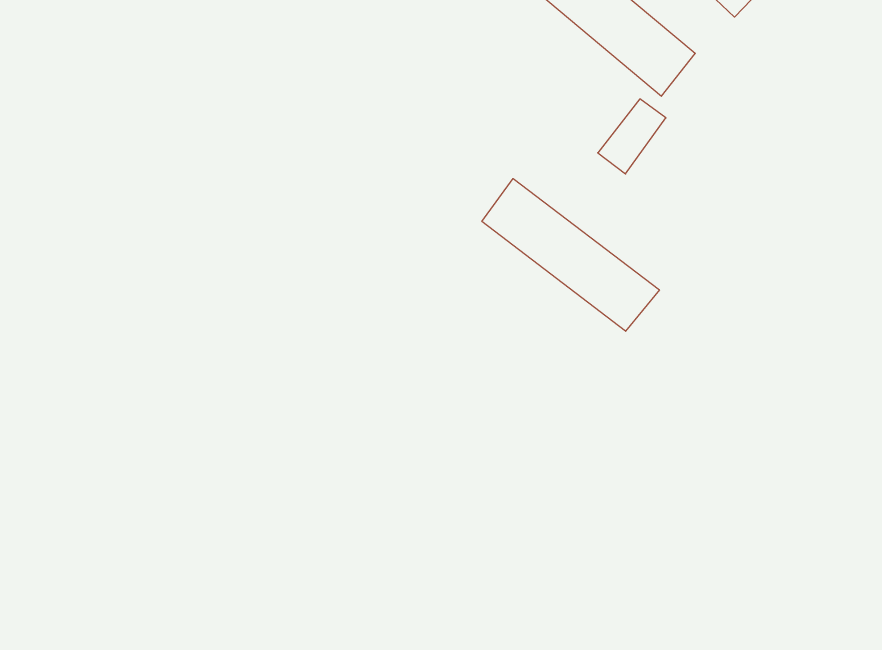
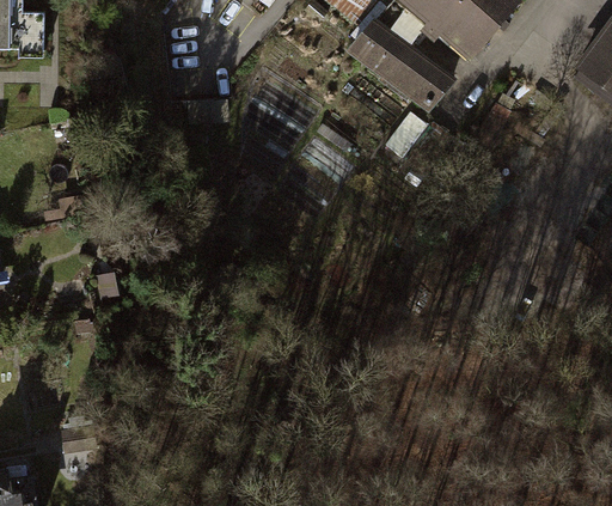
building: [482,179,659,331] -> none

